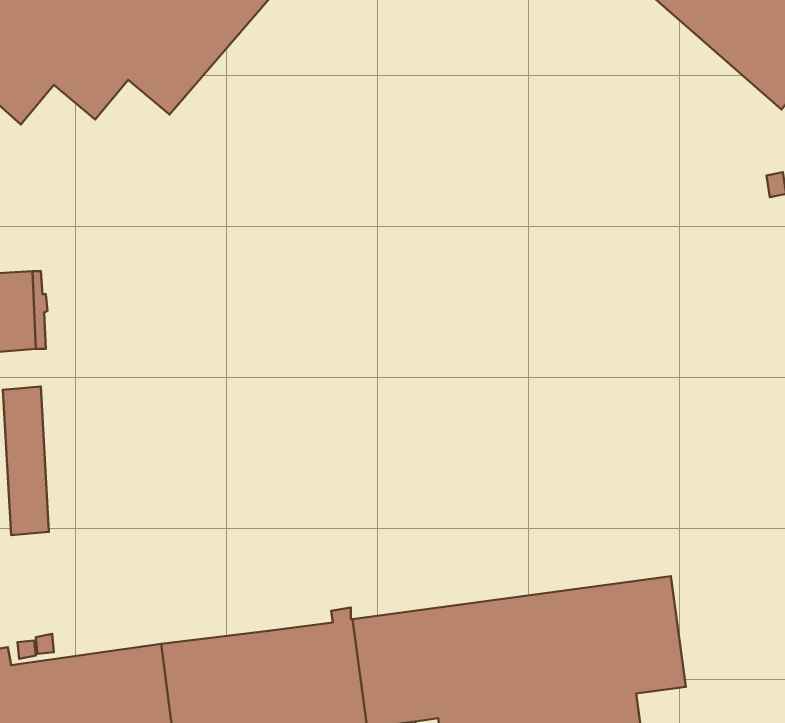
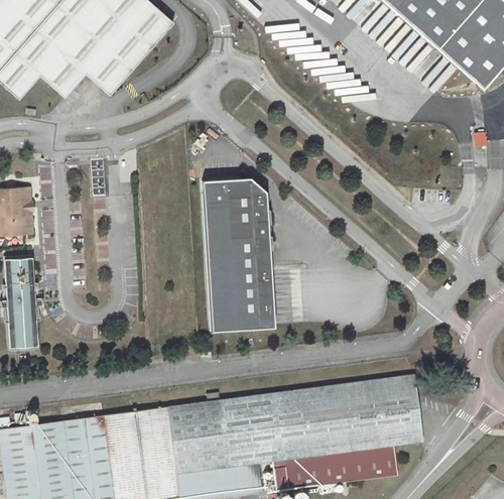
building: none -> [196,185,265,339]

